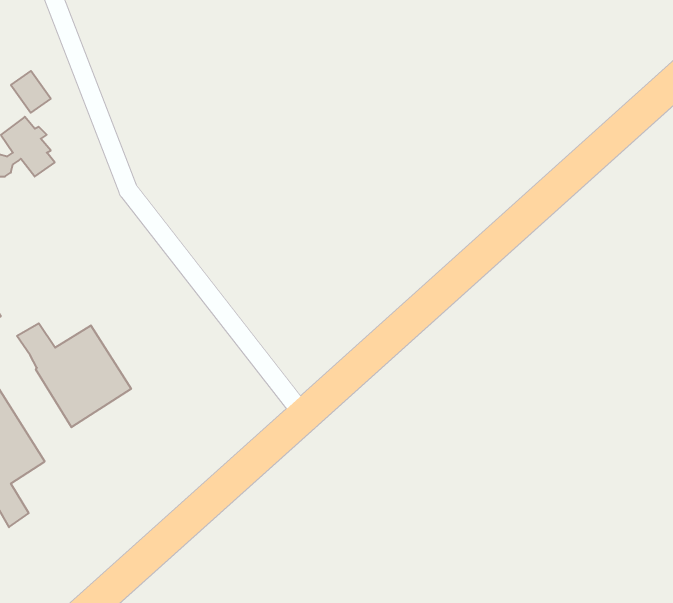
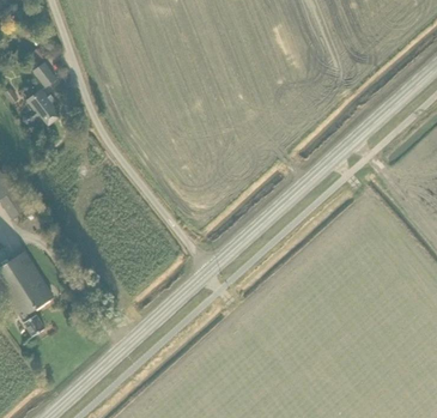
building: [17,323,131,427] -> none

